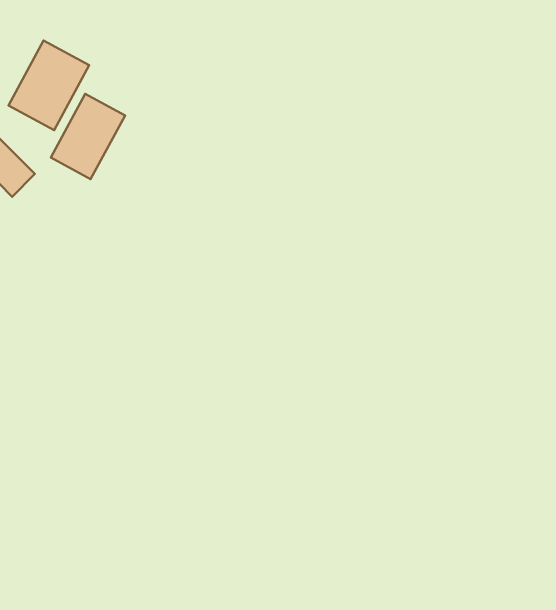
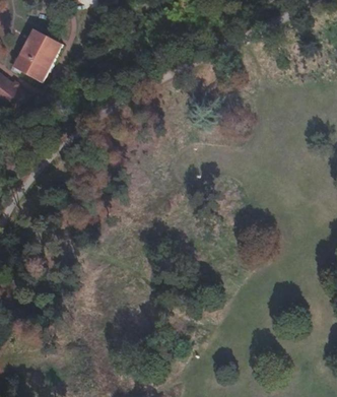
building: [51,94,125,179] -> none

